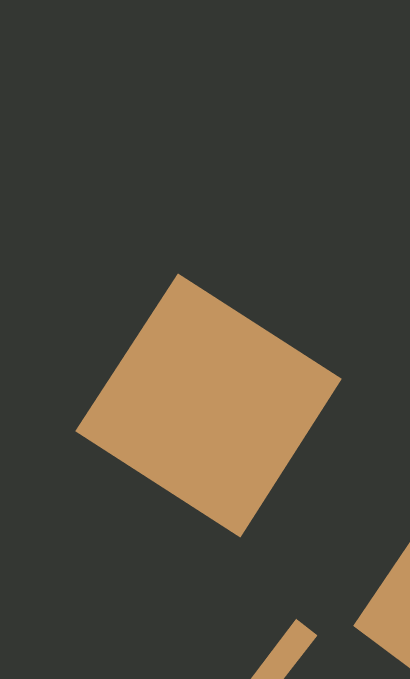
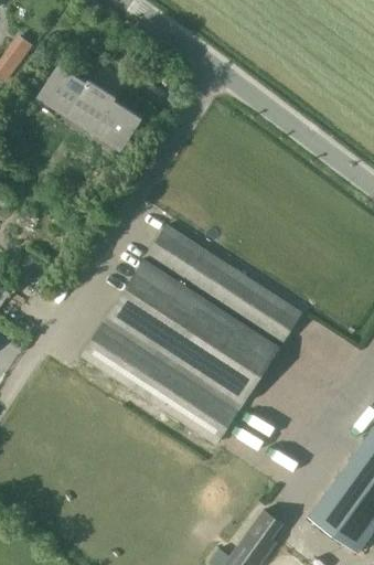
building: none -> [43,67,142,148]

